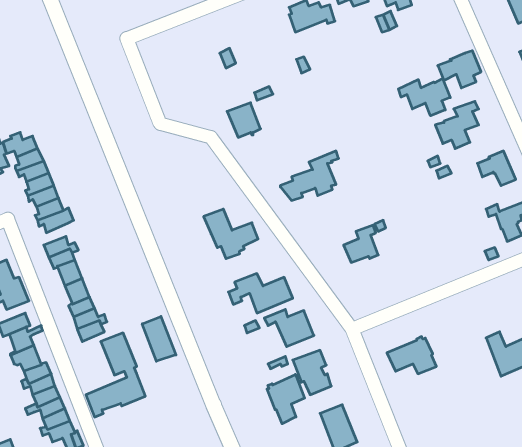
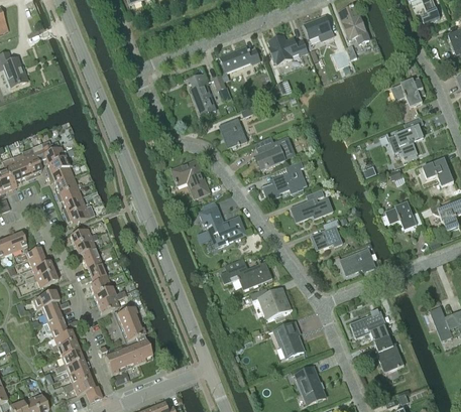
building: none -> [220,46,260,72]
building: none -> [192,74,216,116]
building: [398,79,450,116] -> none
building: none -> [254,136,291,168]
building: none -> [171,160,210,198]
building: none -> [294,189,334,221]
building: none -> [385,201,422,230]
building: none -> [341,249,374,274]
building: [142,316,176,361] -> none
building: none -> [374,333,405,372]
building: [267,374,305,424] -> none

